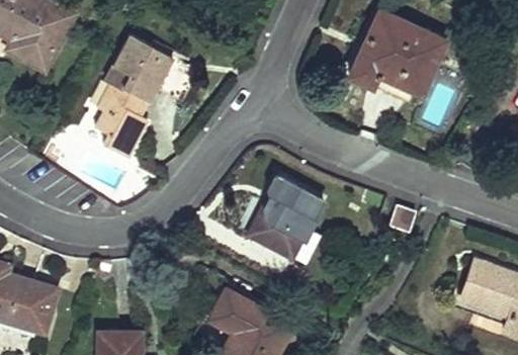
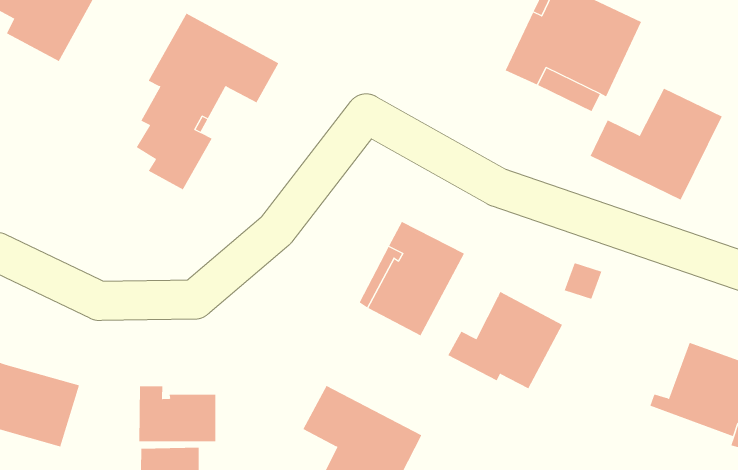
building: none -> [590,88,723,200]
building: none -> [448,291,563,389]
building: none -> [139,385,216,442]

